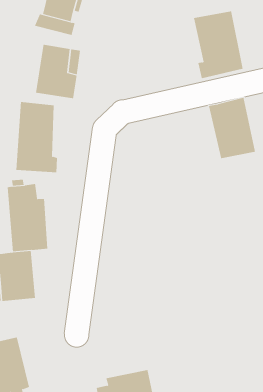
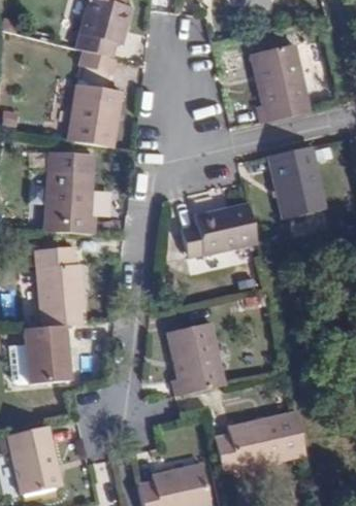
building: none -> [185,212,261,267]
building: none -> [168,323,224,396]
building: none -> [216,410,306,473]

